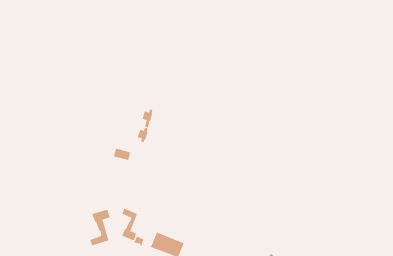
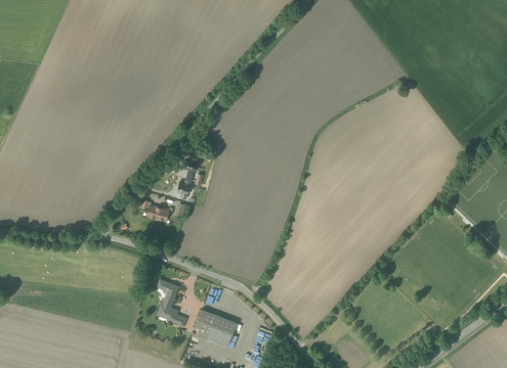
building: [89,209,110,246] -> none

